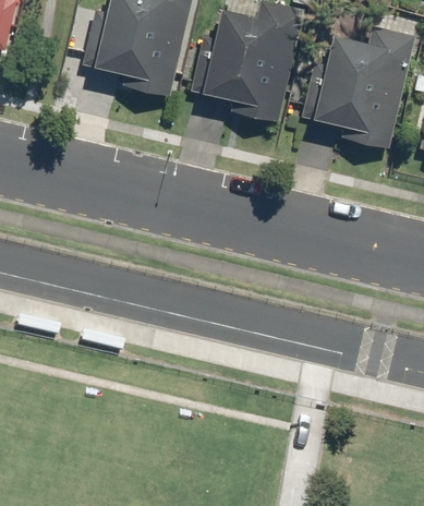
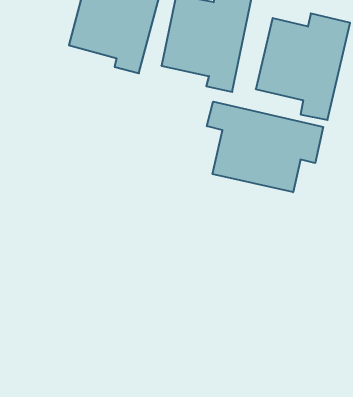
building: none -> [207,102,323,192]

